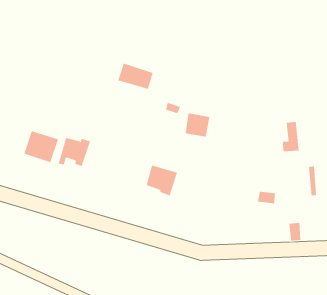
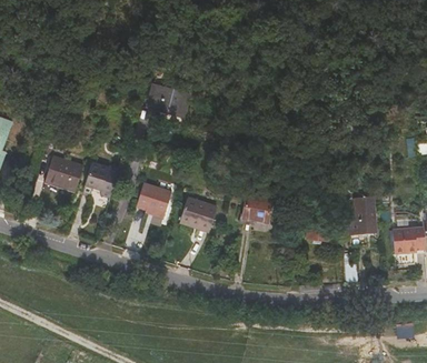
building: [185,113,210,137] -> [241,194,270,222]
building: [282,121,299,152] -> [349,199,369,233]
building: none -> [136,184,171,220]

